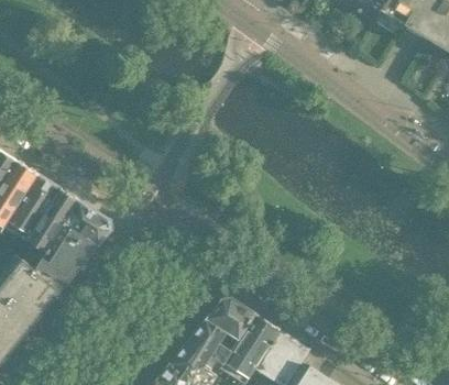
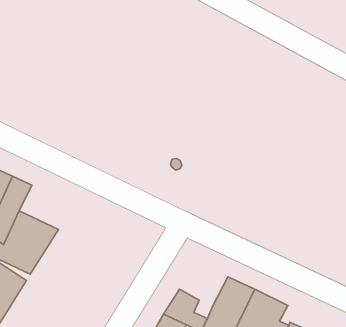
building: [63,200,111,246] -> none
building: [207,299,255,341] -> none

